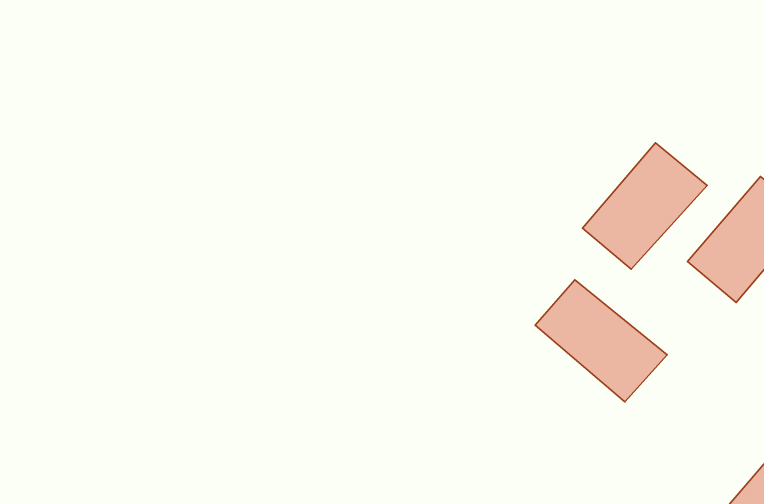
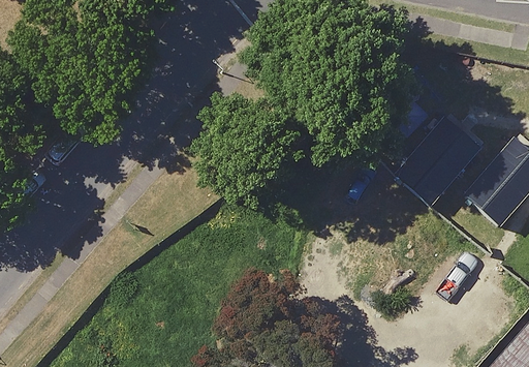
building: [535,280,667,402] -> none

